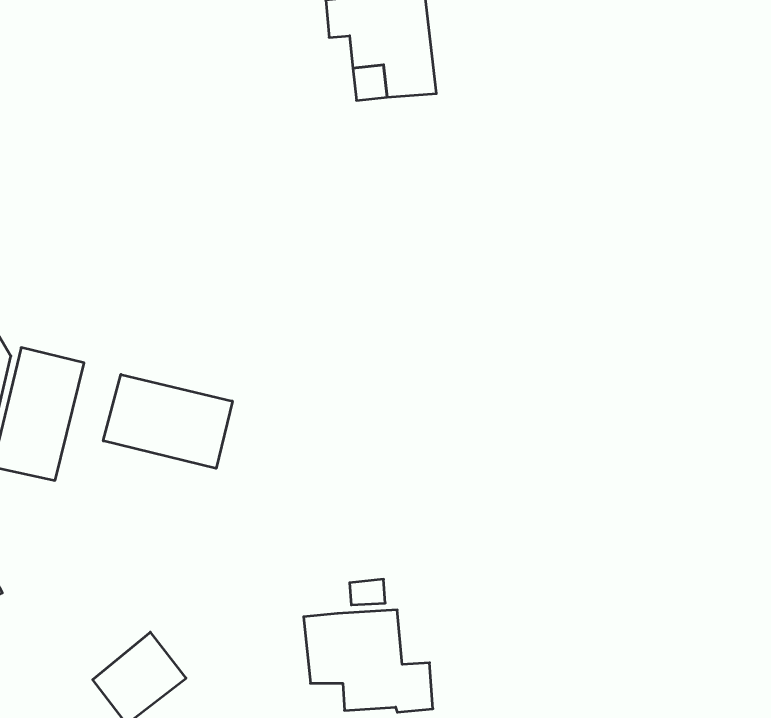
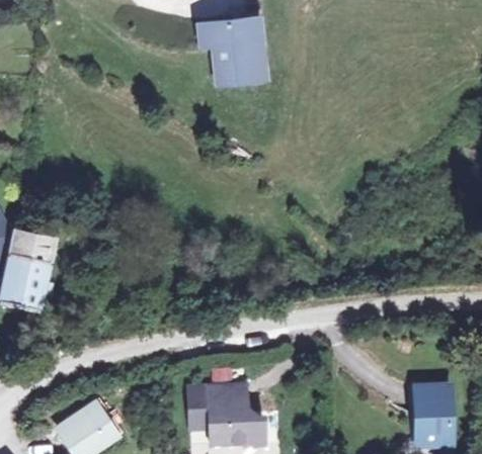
building: [103,374,232,468] -> none
building: none -> [413,384,452,441]

